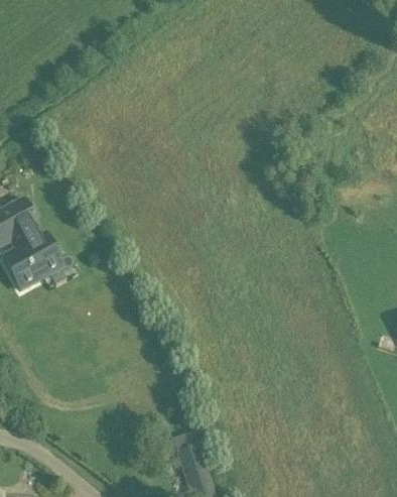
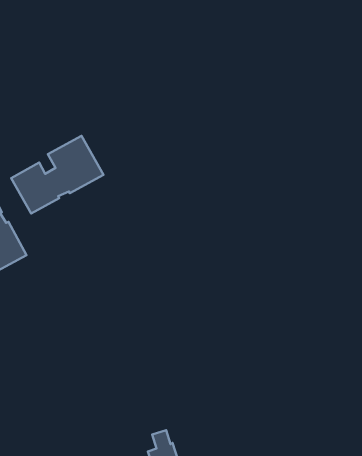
building: none -> [11,136,103,214]

